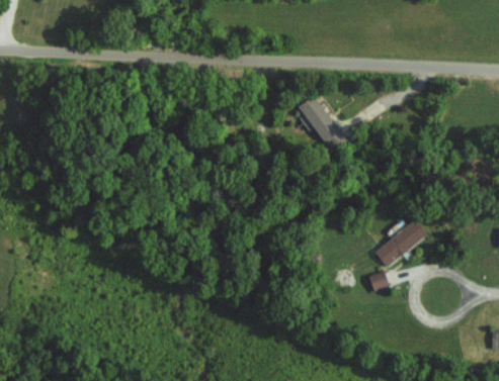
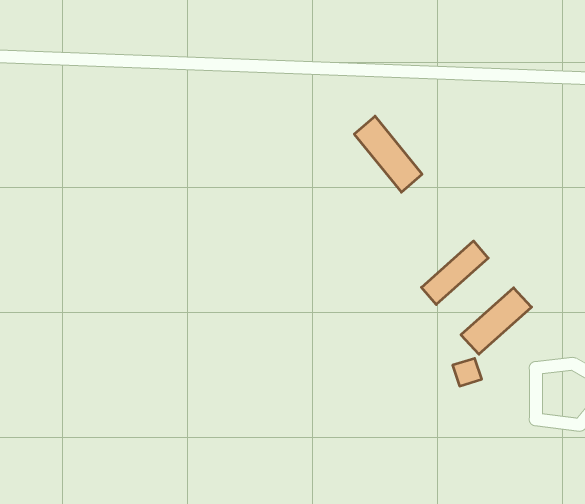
building: none -> [421,241,488,305]

